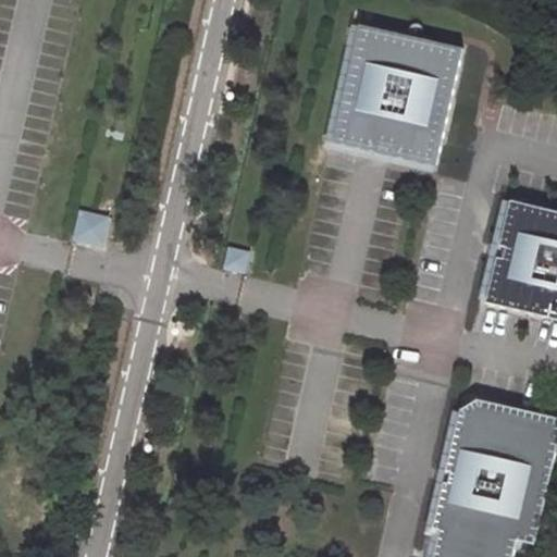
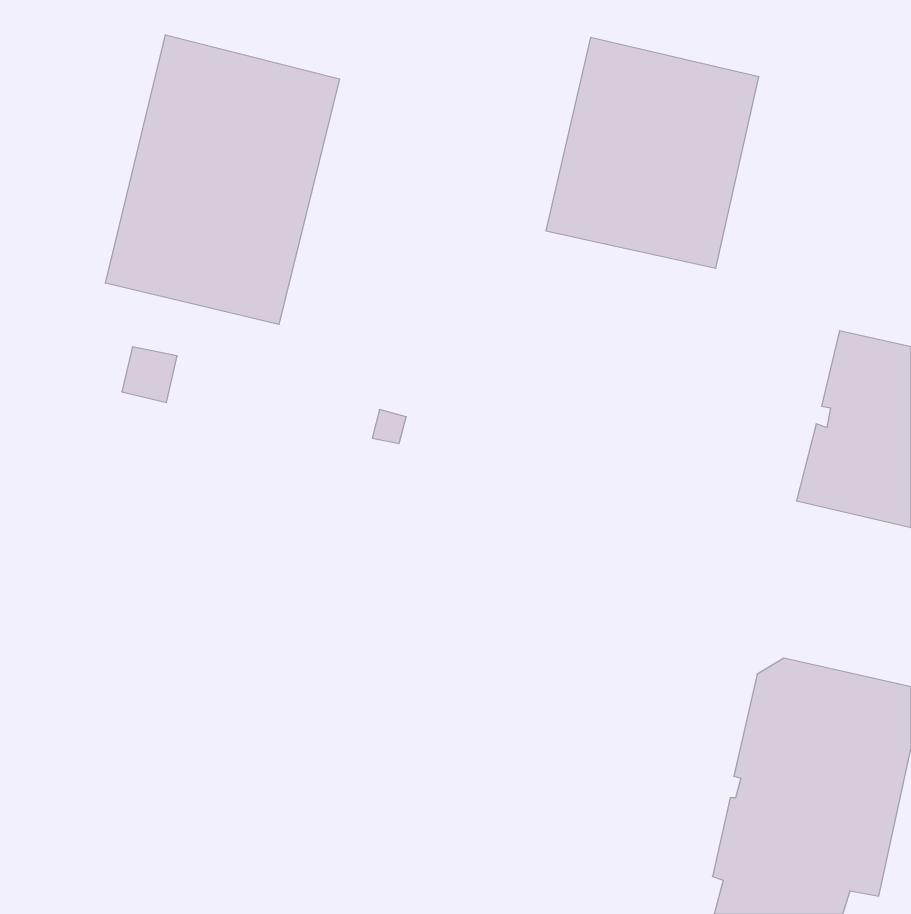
building: none -> [106,35,339,324]

